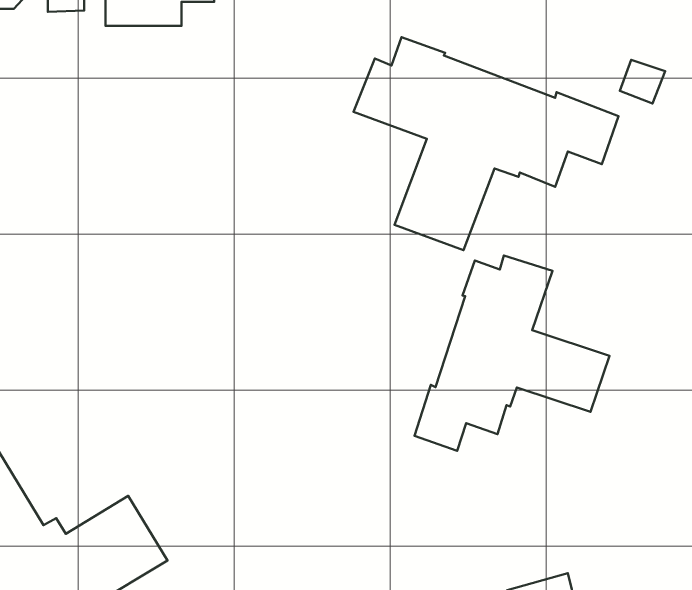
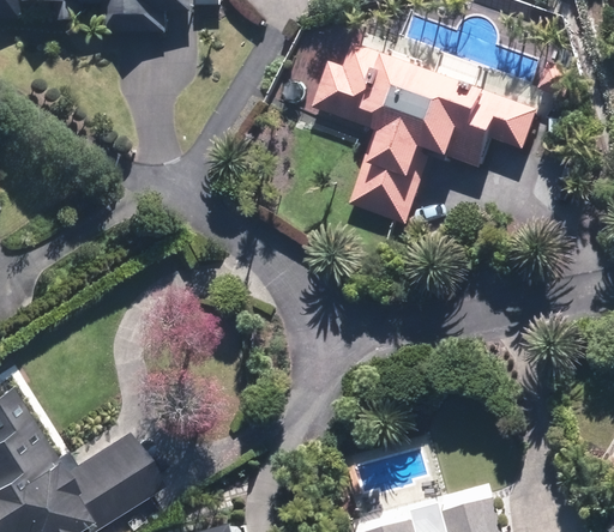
building: [415,255,609,451] -> none

